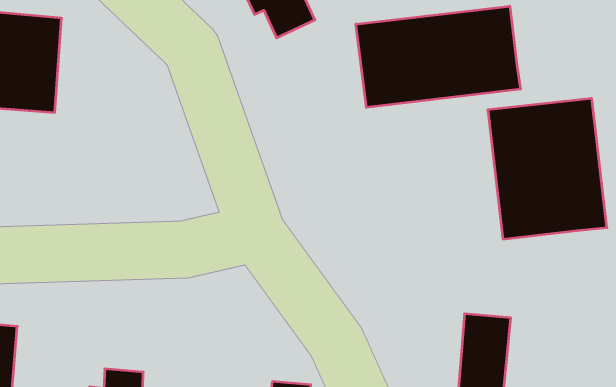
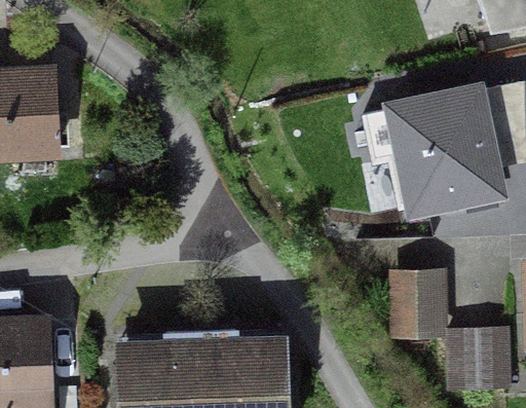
building: [356,6,520,107] -> none

